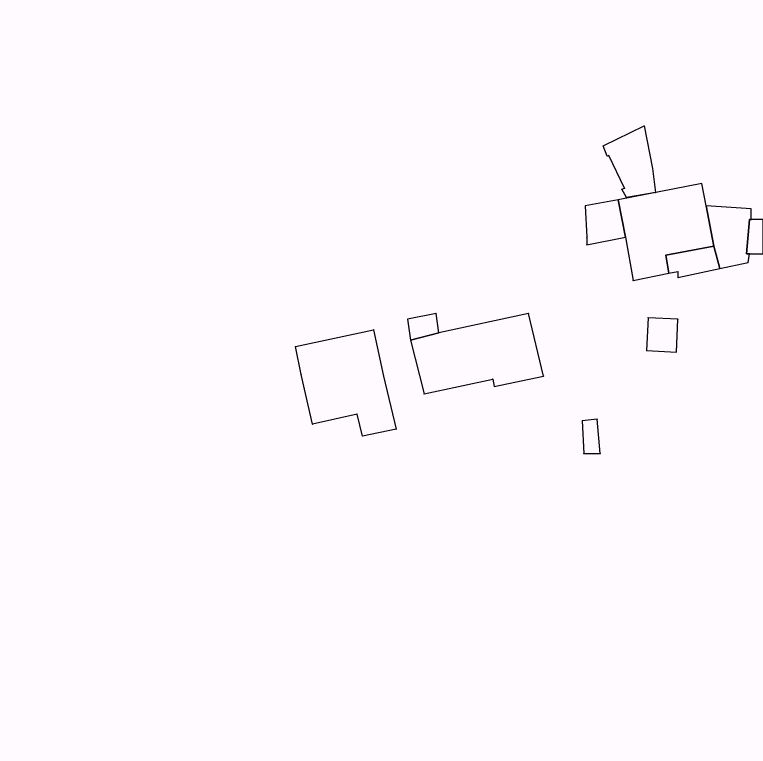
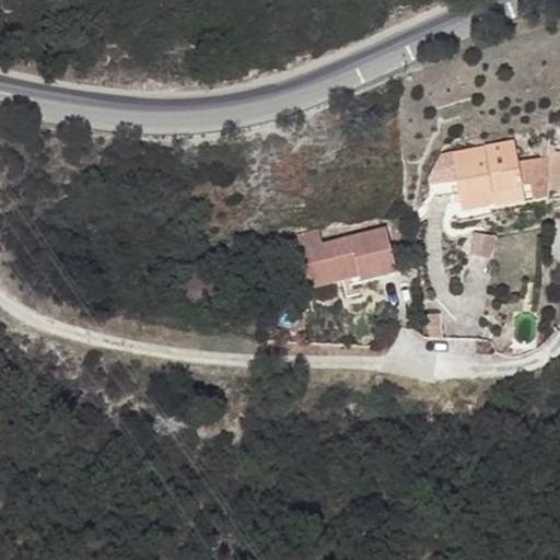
building: [603,126,656,198] -> none
building: [295,330,396,436] -> none

